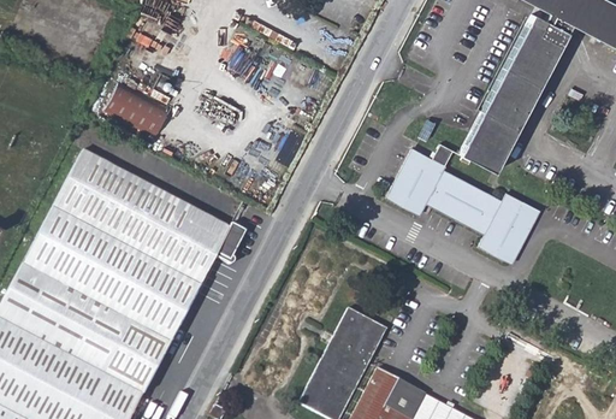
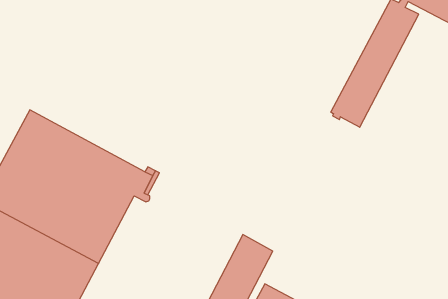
building: [103,82,170,137] -> none
building: [384,141,541,261] -> none

